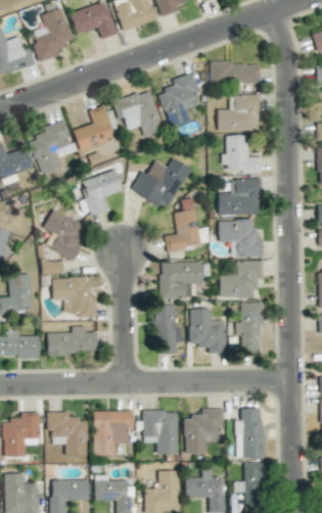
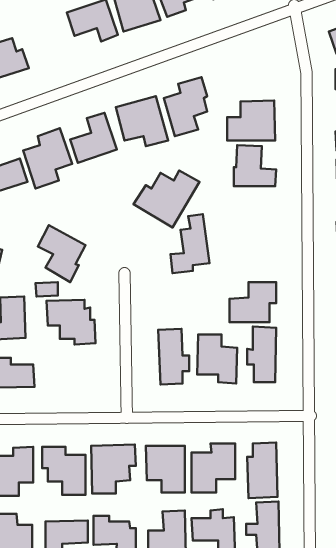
building: [32,7,75,62] -> none
building: [210,62,261,83] -> none
building: [83,171,123,216] -> none
building: [218,179,261,216] -> none
building: [218,220,262,258] -> none
building: [159,262,202,298] -> none
building: [47,326,97,355] -> none

